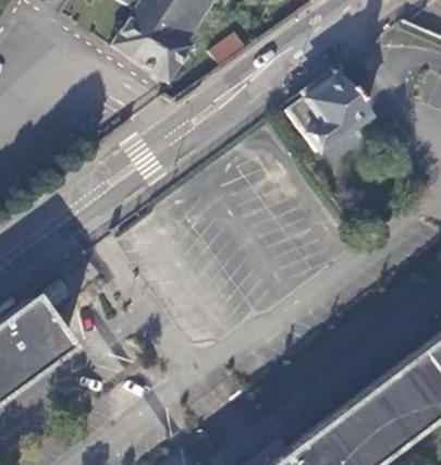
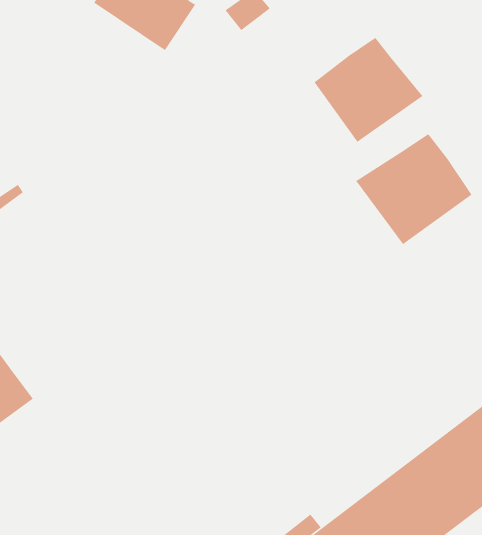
building: none -> [355,133,473,245]

